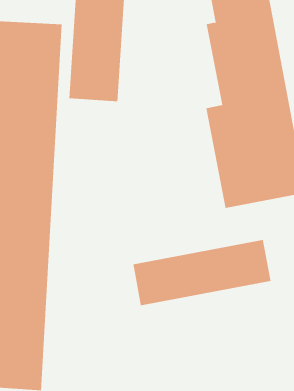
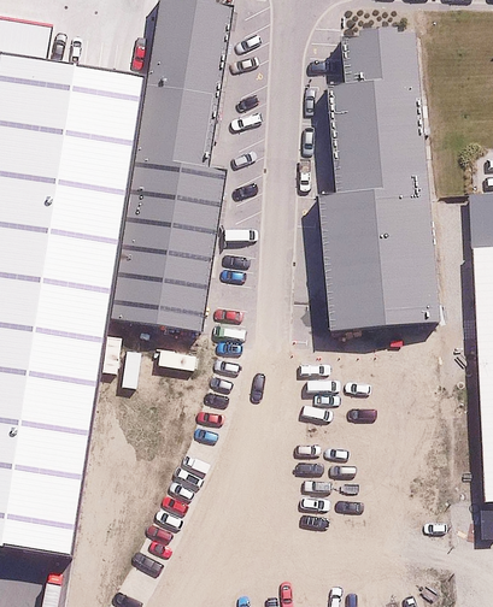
building: none -> [111,164,225,336]
building: [133,239,271,306] -> none

